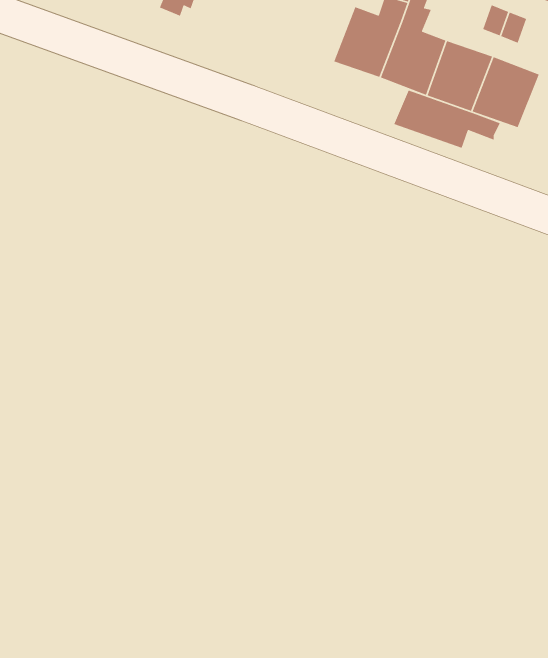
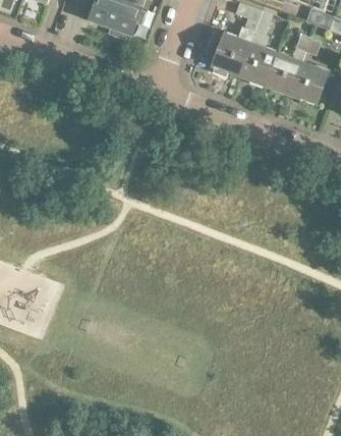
building: [393,89,501,149] -> none

